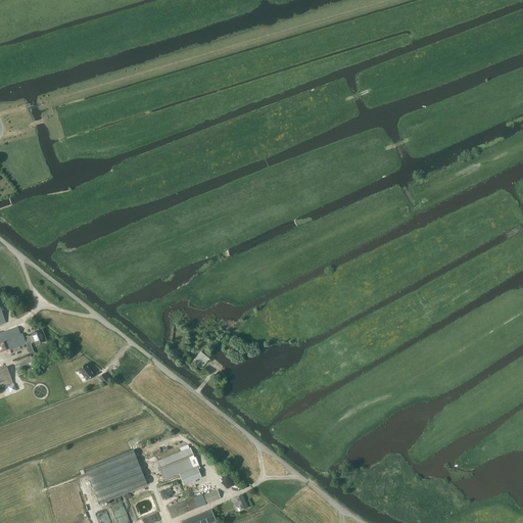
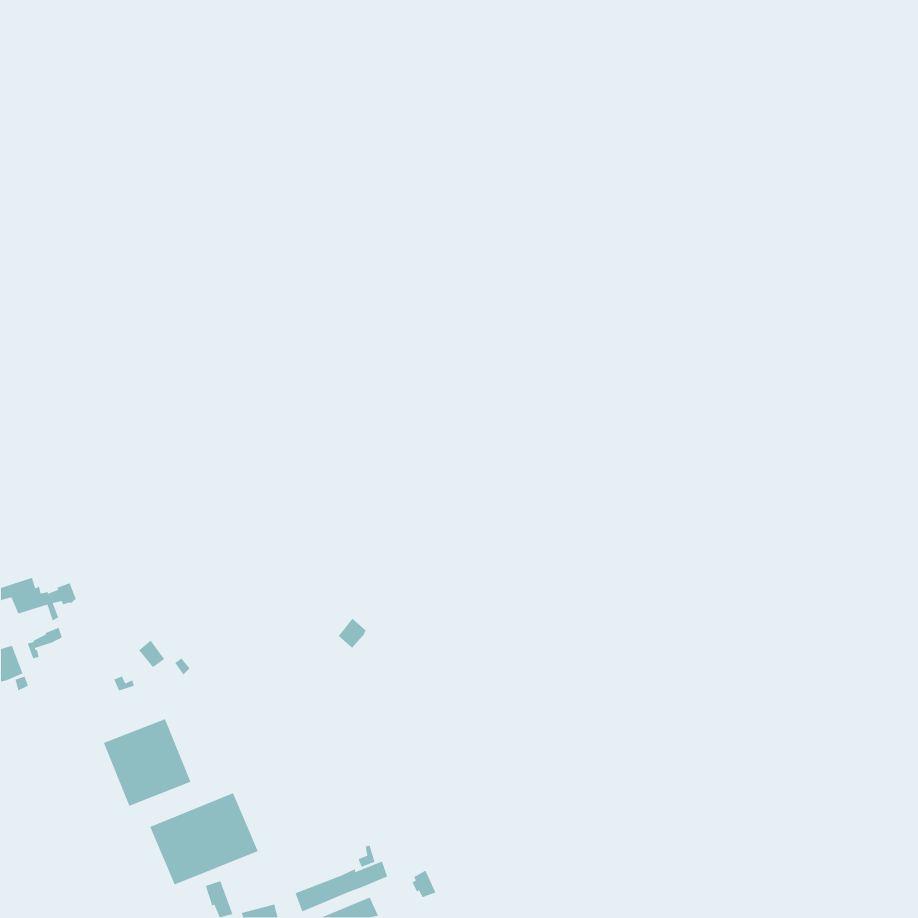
building: none -> [103,718,191,807]
building: [152,444,201,485] -> none

